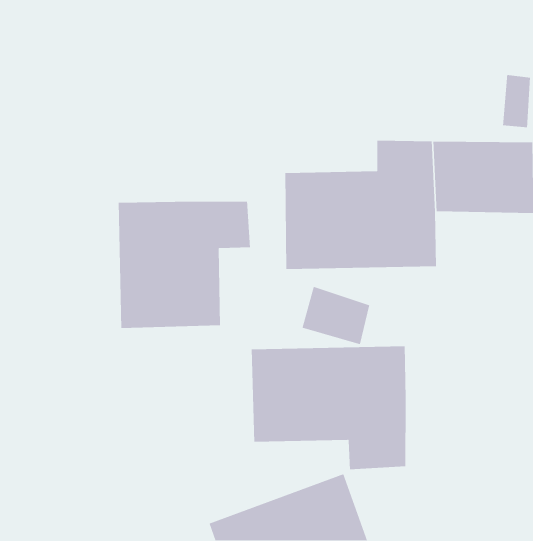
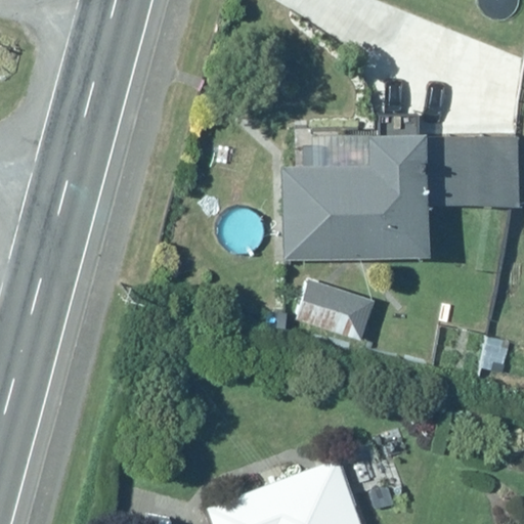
building: [118,201,251,329] -> none
building: [251,346,407,470] -> none

